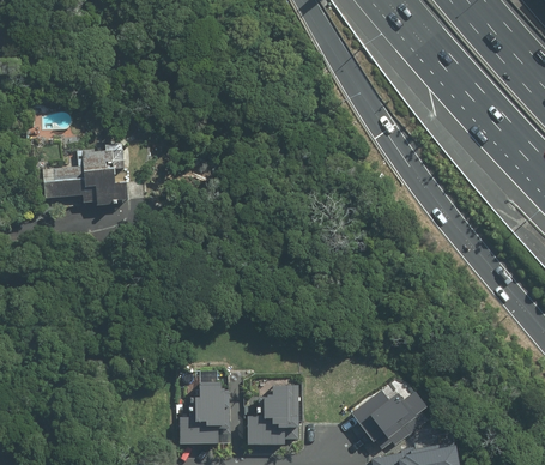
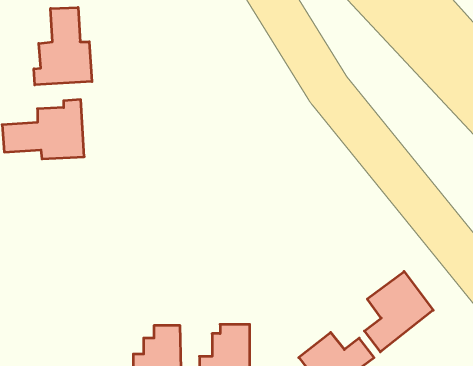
building: none -> [34,7,92,85]
building: none -> [364,271,433,352]

